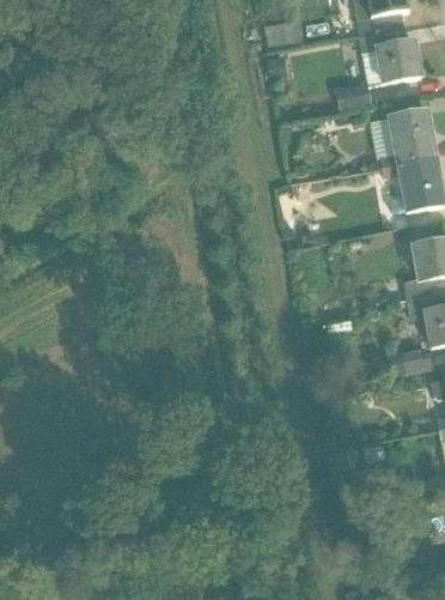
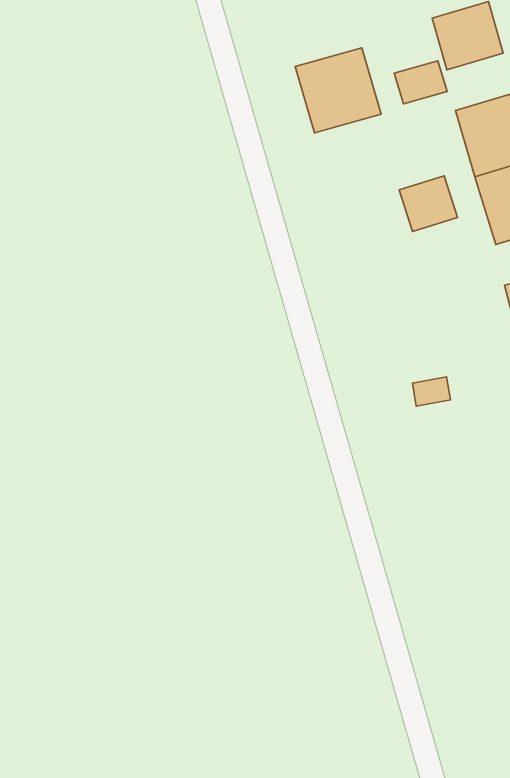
building: none -> [295,48,381,133]
building: none -> [399,176,458,232]

